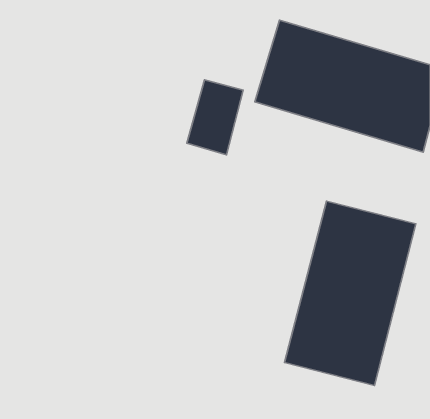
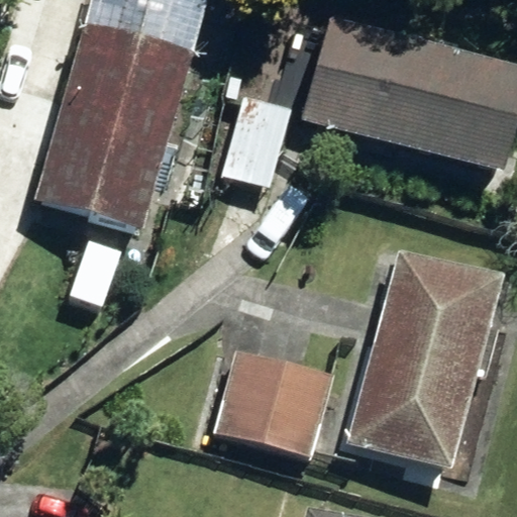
building: none -> [38,26,195,231]
building: none -> [209,342,332,451]

